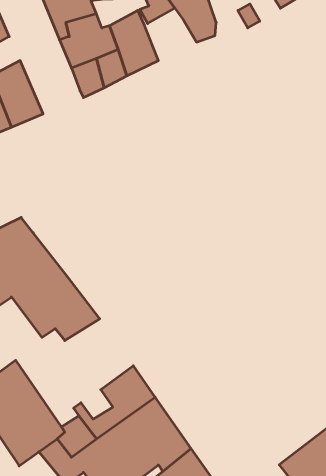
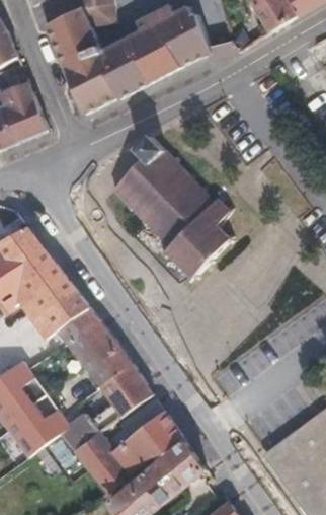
building: none -> [141,30,189,79]
building: none -> [110,133,230,276]
building: none -> [67,319,131,385]

